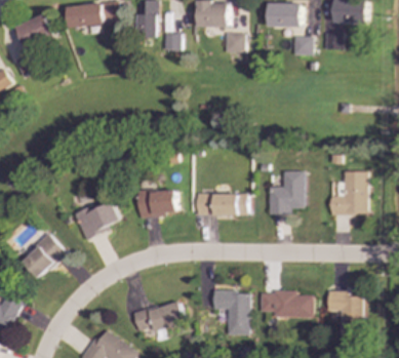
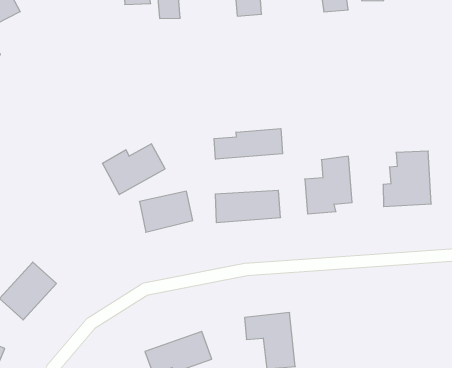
building: none -> [214,129,283,159]
building: [72,201,121,239] -> [102,144,165,195]
building: [327,289,362,336] -> none
building: [260,290,313,317] -> none

